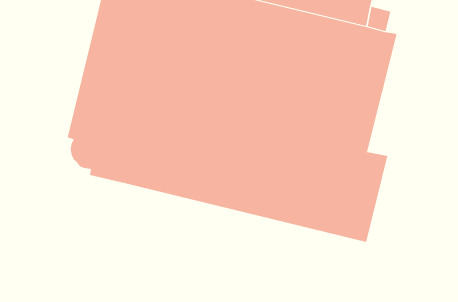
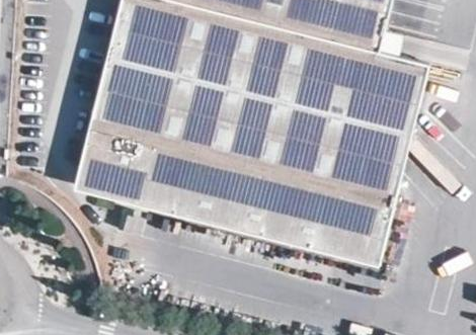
building: none -> [379,59,427,180]

